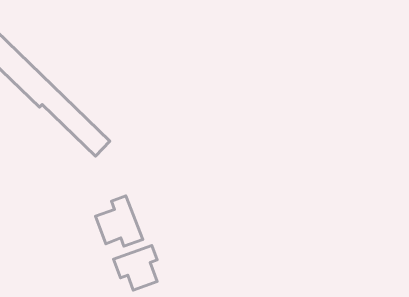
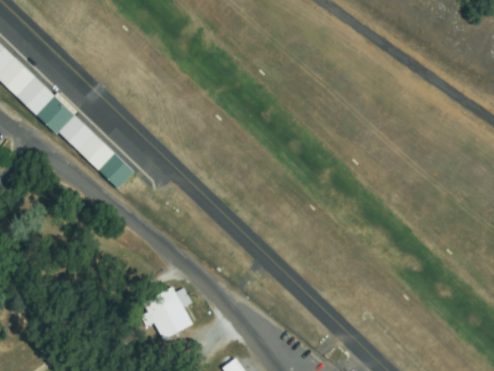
building: [96,196,143,246] -> none

